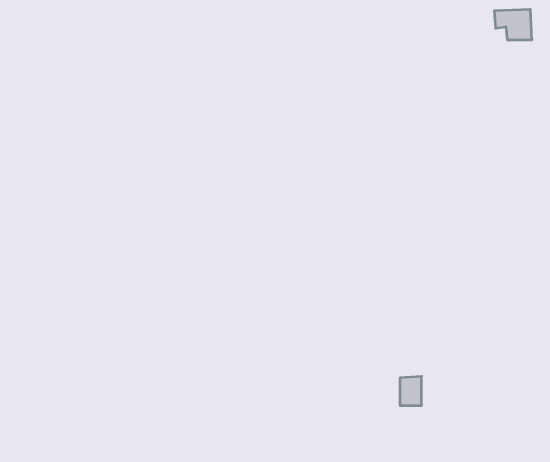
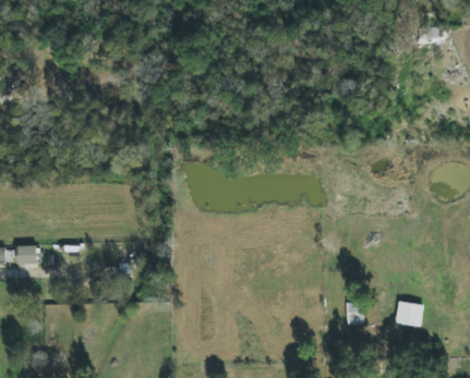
building: none -> [396,301,425,327]

